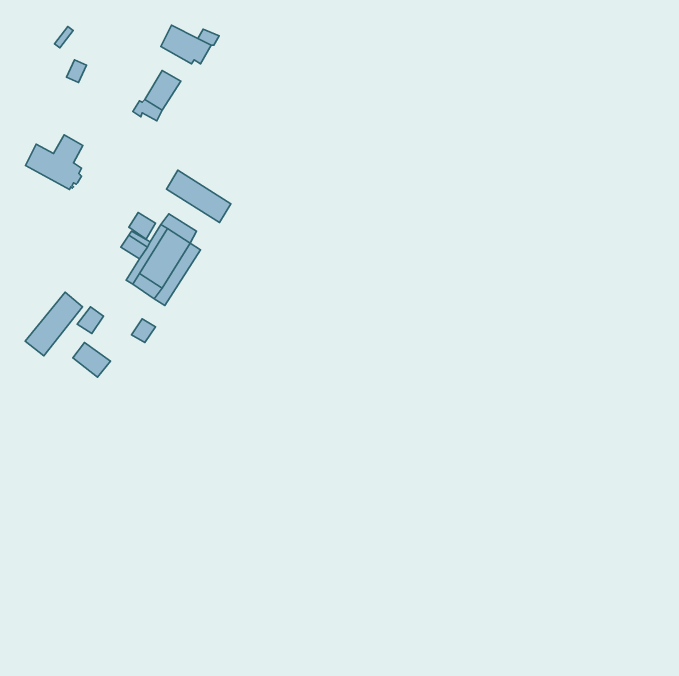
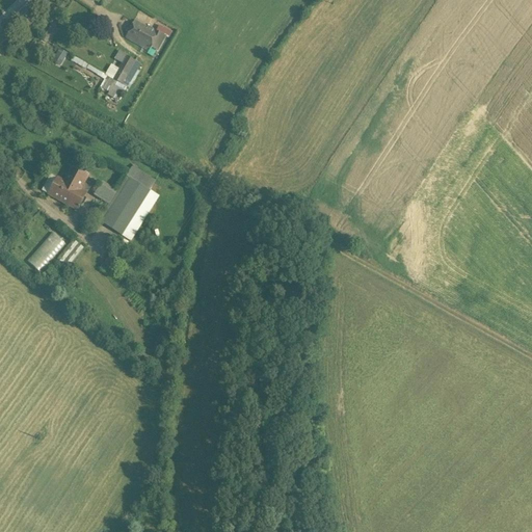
building: [26,135,83,189] -> [43,166,87,209]
building: [167,170,231,223] -> none
building: [73,342,110,377] -> none

